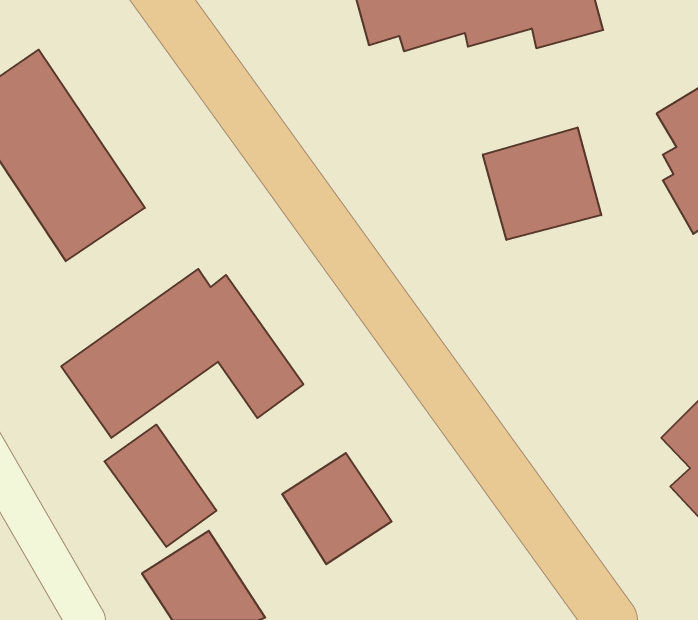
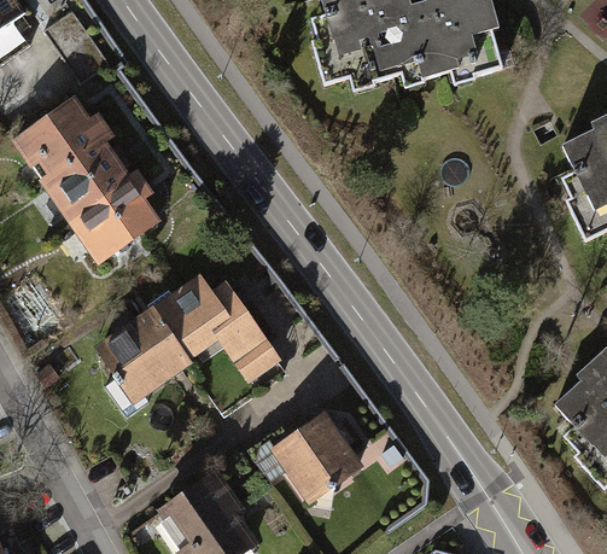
building: [483,127,601,240] -> none
building: [104,425,216,547] -> none

